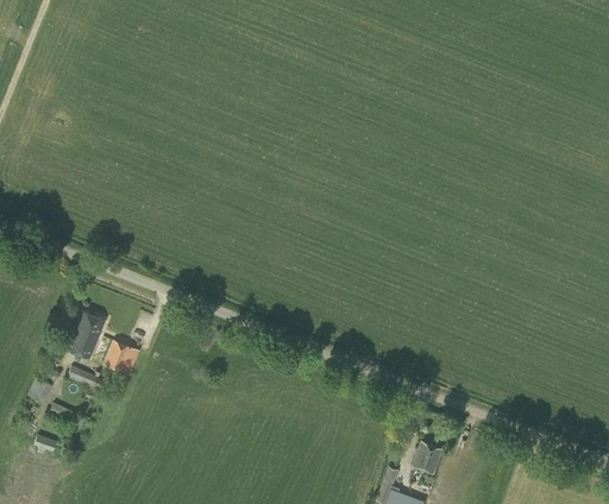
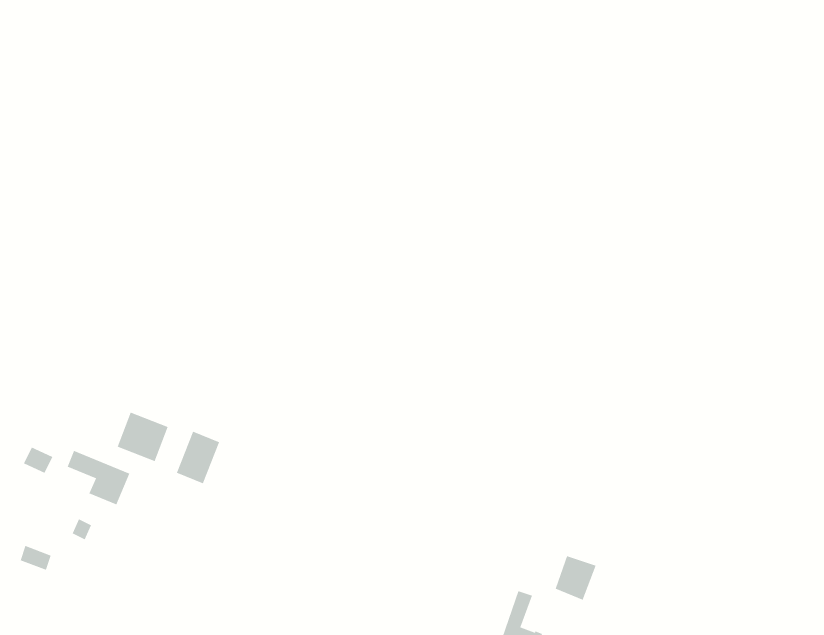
building: [67,309,106,355] -> none
building: none -> [176,431,220,484]

